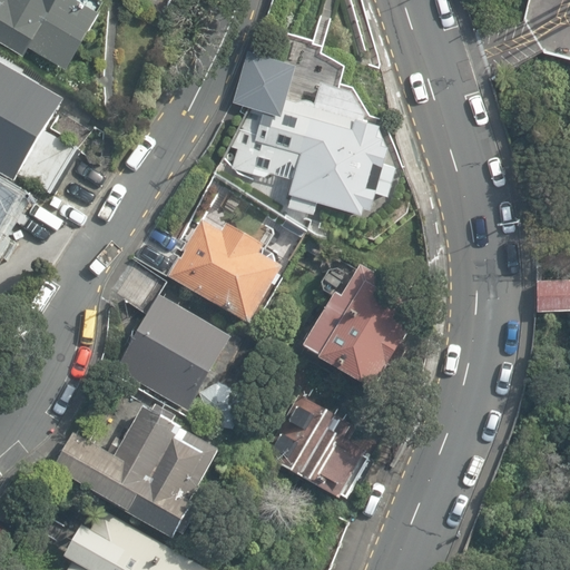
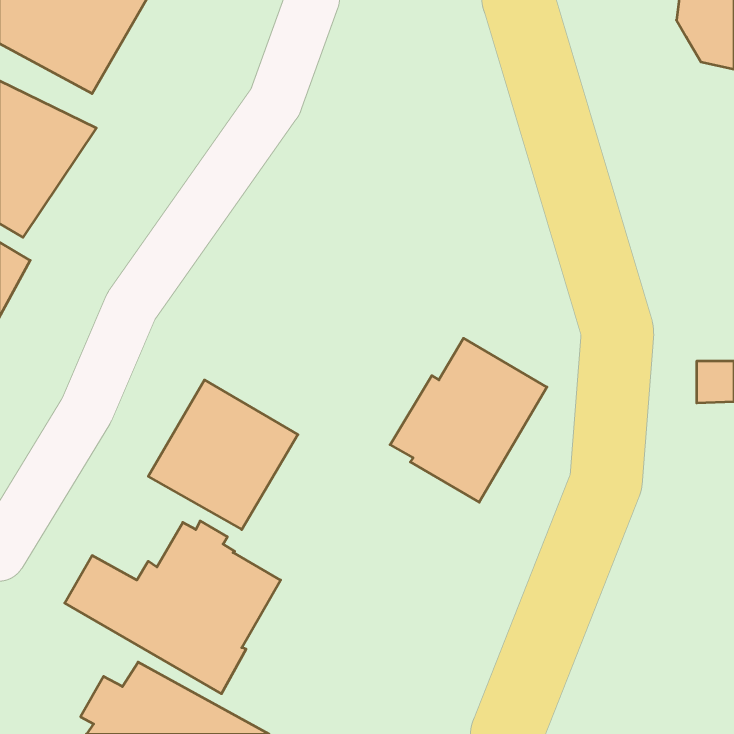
building: [232,48,395,213] -> none
building: [167,218,281,323] -> none
building: [266,395,368,498] -> none

